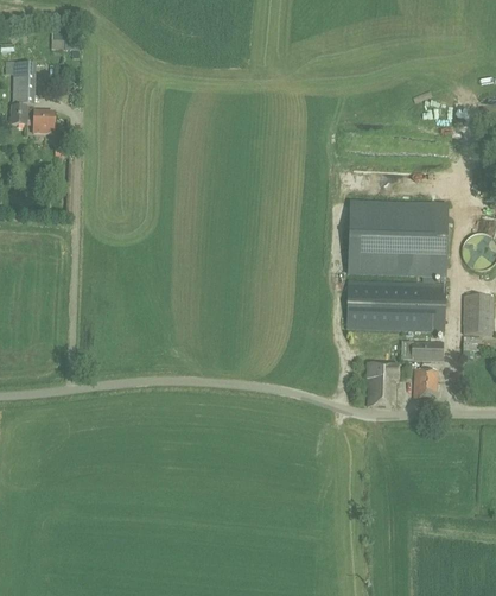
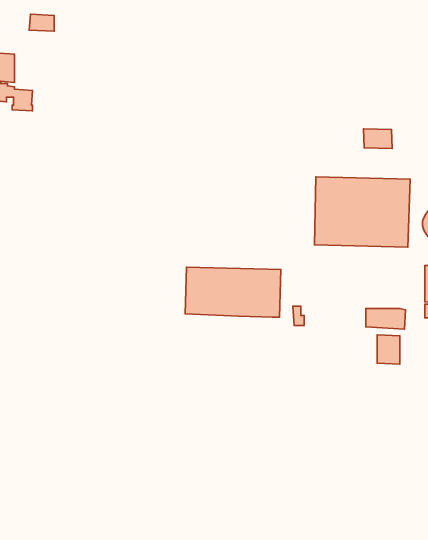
building: none -> [364,129,392,148]
building: [345,279,445,331] -> [185,267,281,317]
building: [365,362,399,406] -> none

